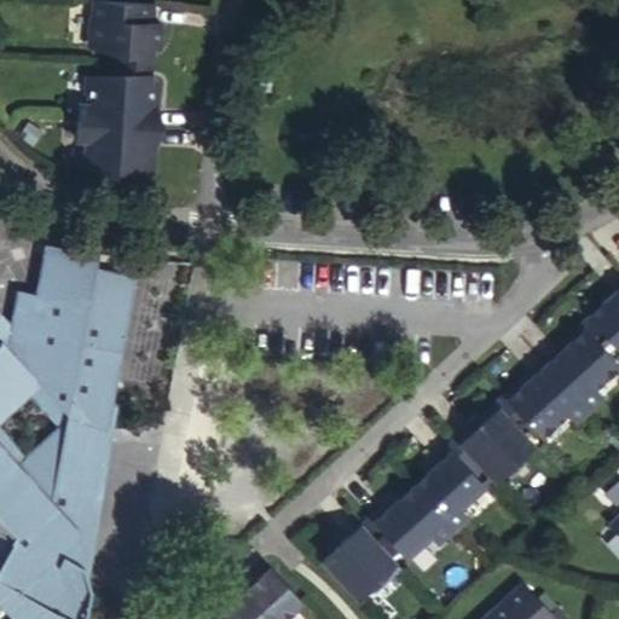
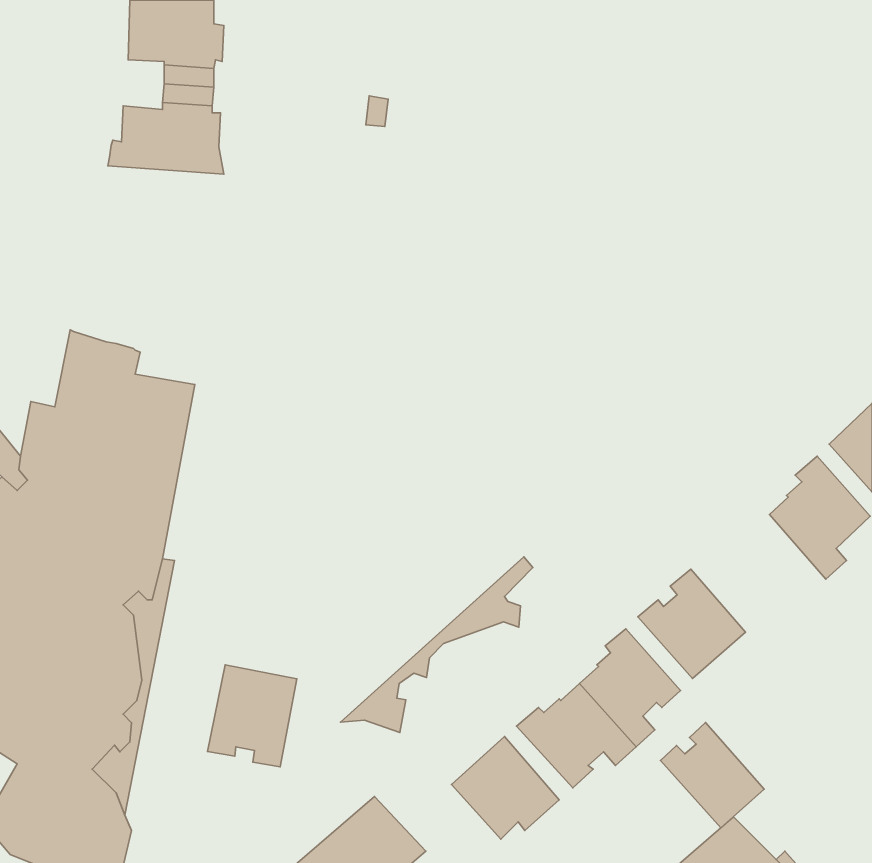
building: [76,125,158,173] -> none
building: [497,371,584,446] -> none
building: none -> [340,557,533,733]
building: none -> [207,665,297,767]
building: none -> [661,722,764,828]

